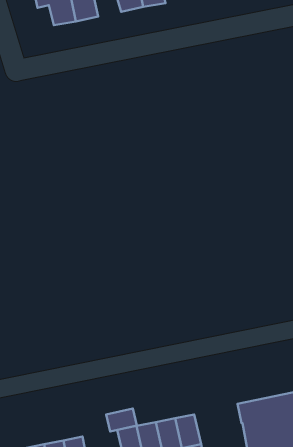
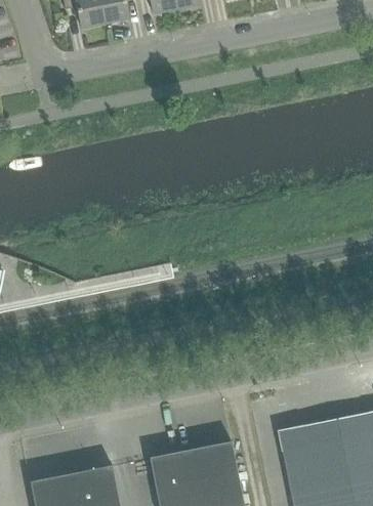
building: [106,408,137,431] -> none

